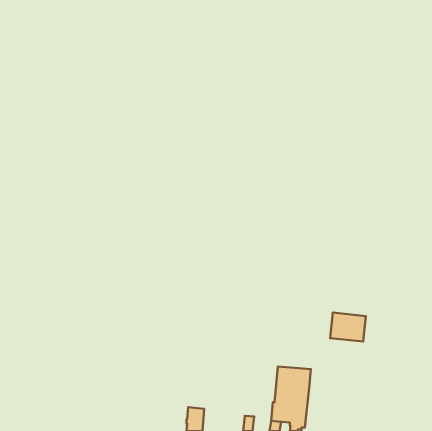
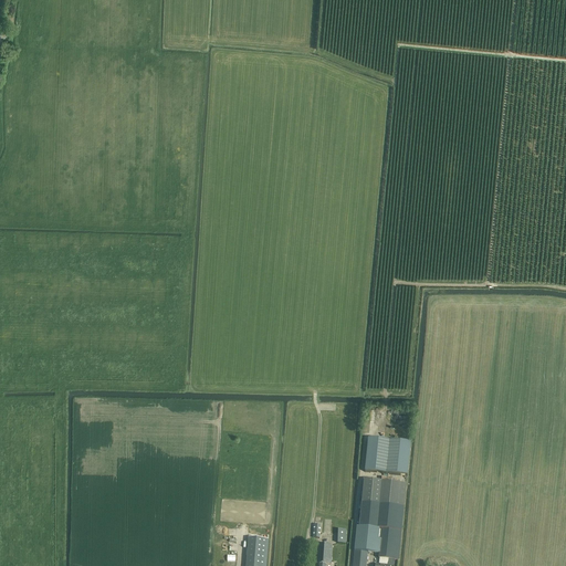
building: [330,313,366,341] -> [364,436,410,473]

